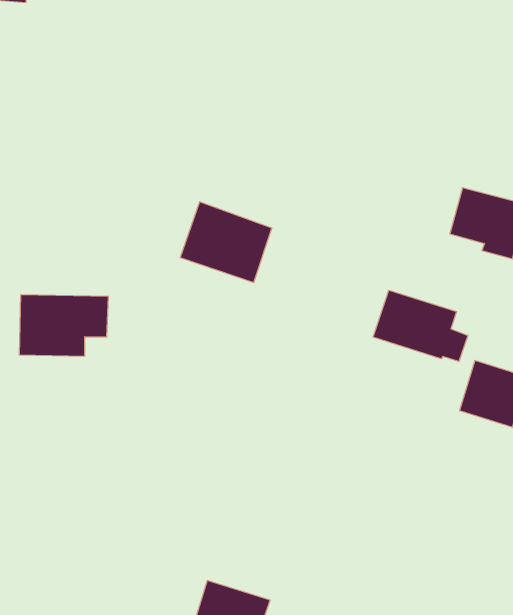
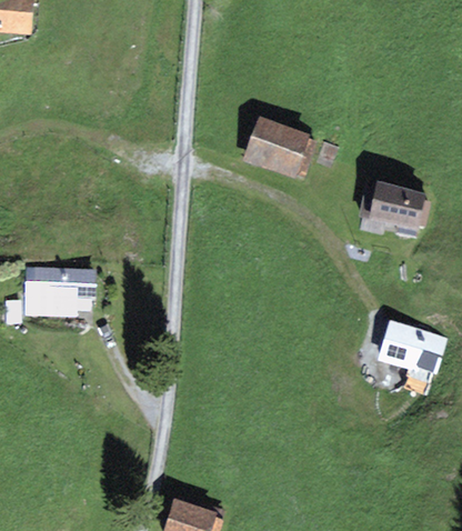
building: [180,202,272,283] -> [243,117,317,181]
building: [373,290,468,362] -> none

